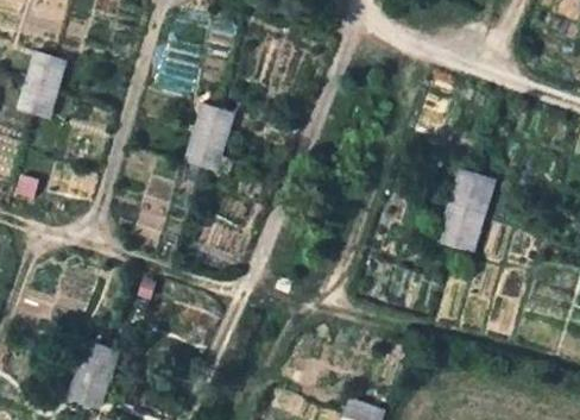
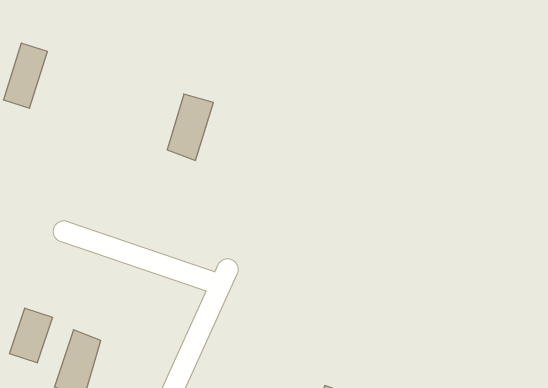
building: [439,175,494,253] -> none
building: none -> [9,308,53,363]

